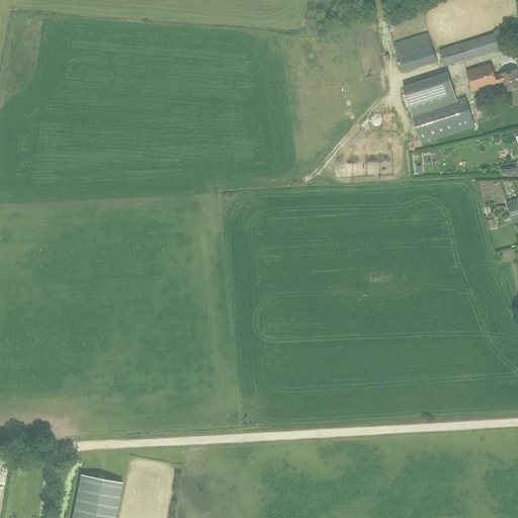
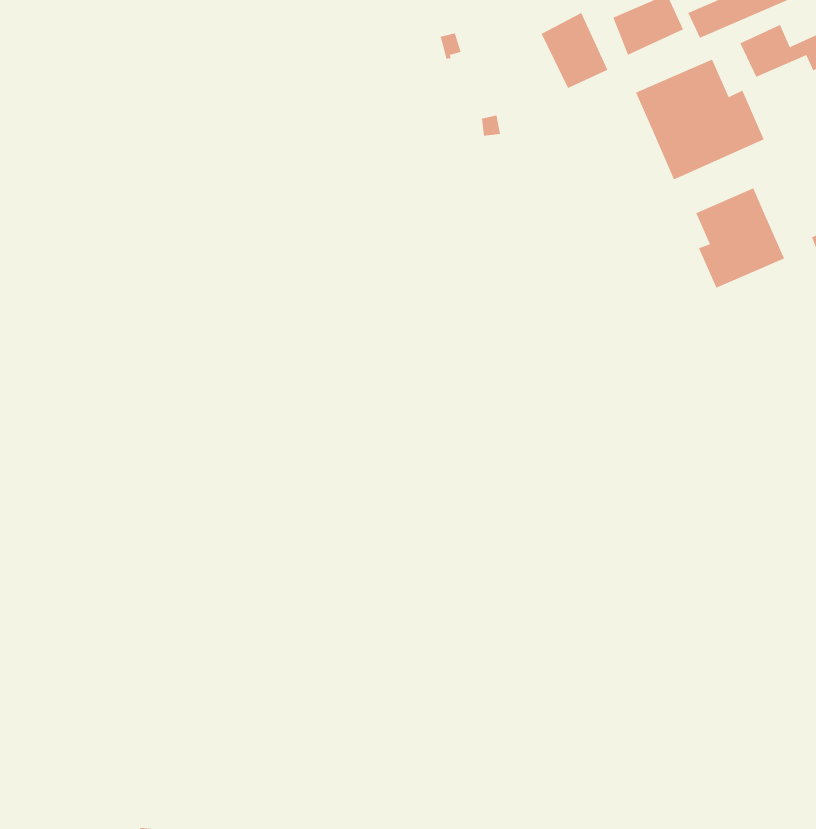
building: none -> [541,12,608,89]
building: none -> [696,187,785,288]

